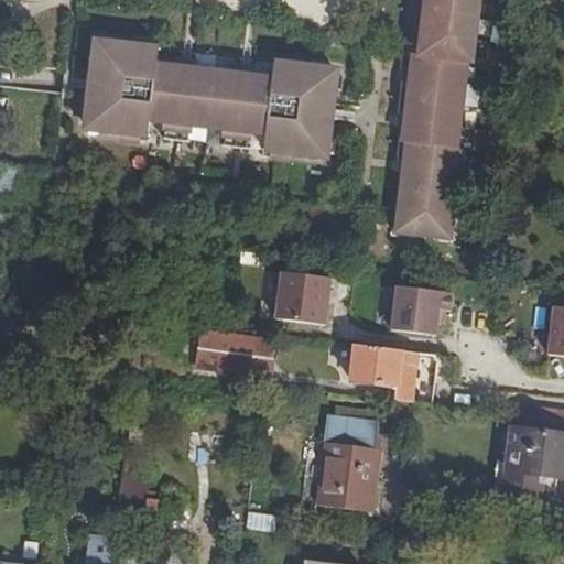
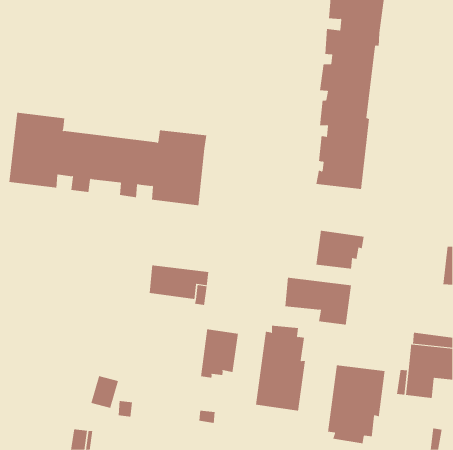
building: [88,40,335,156] -> [8,112,207,206]
building: [275,271,332,324] -> none
building: none -> [201,329,239,378]
building: none -> [327,365,385,444]

